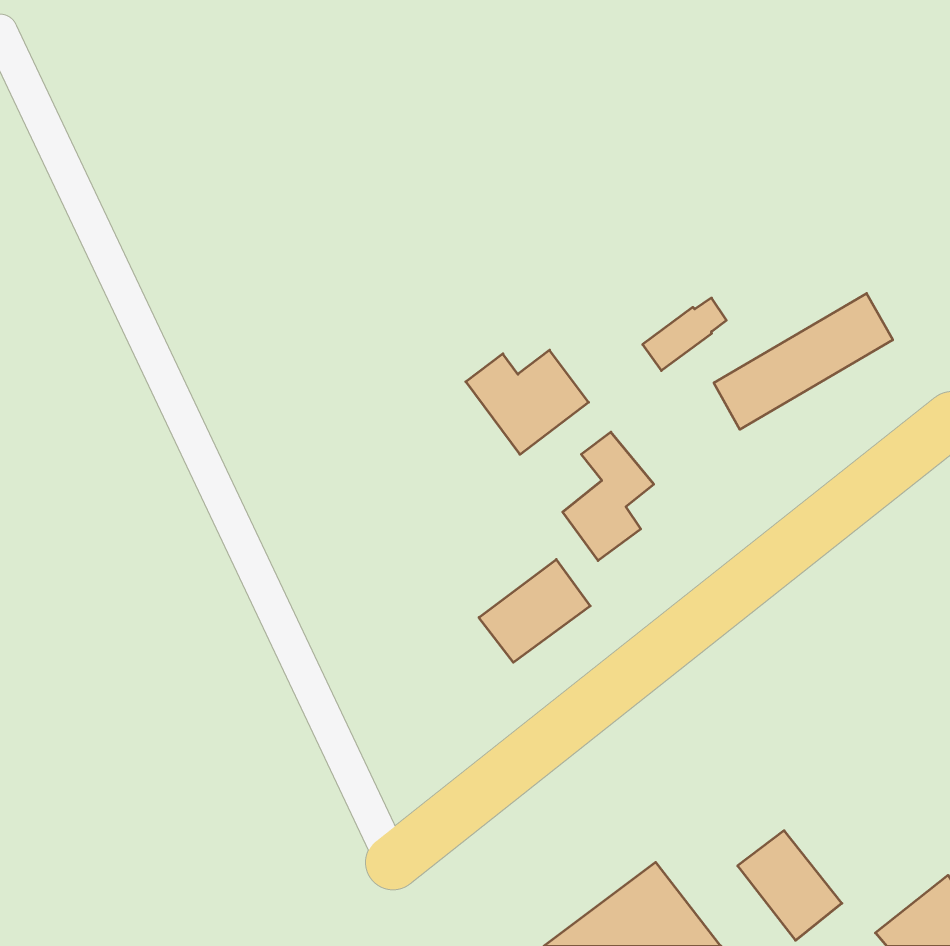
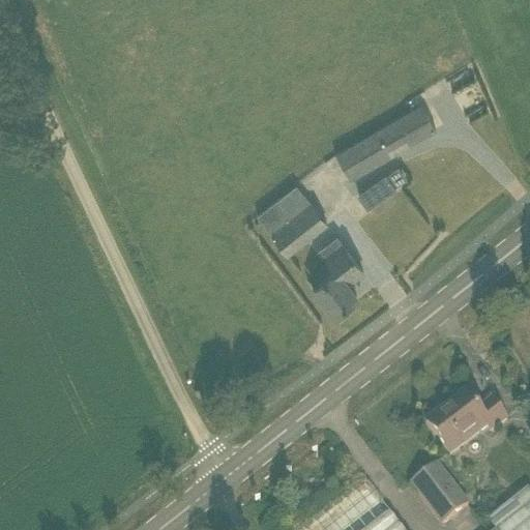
building: [714,293,893,429] -> [336,101,436,177]
building: [479,559,590,662] -> none
building: none -> [426,391,507,452]

